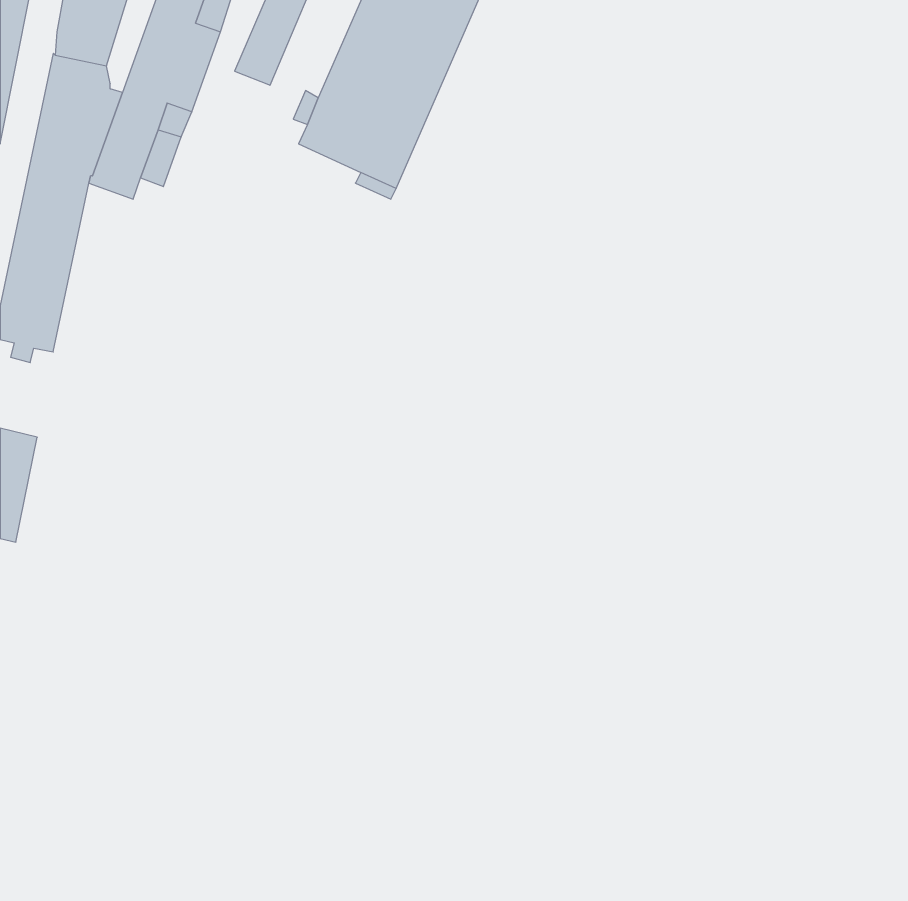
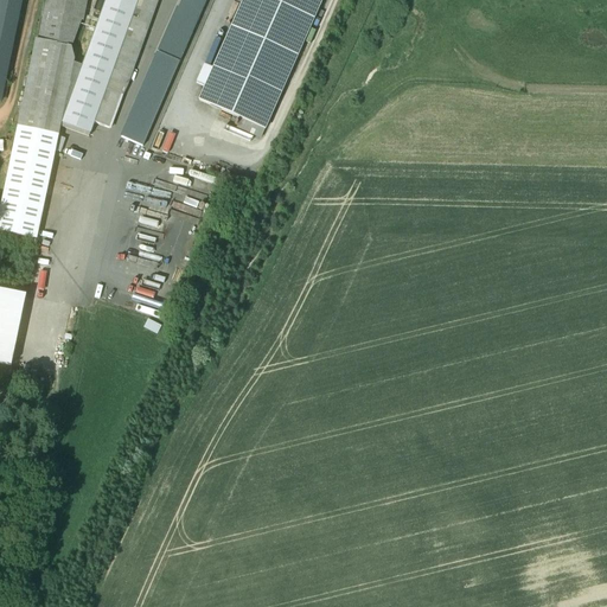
building: none -> [120,47,180,142]

